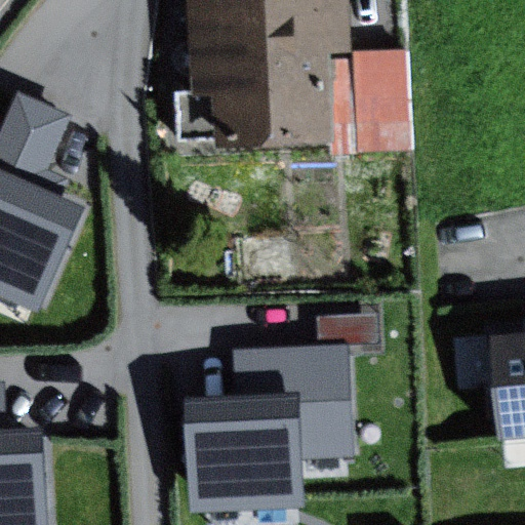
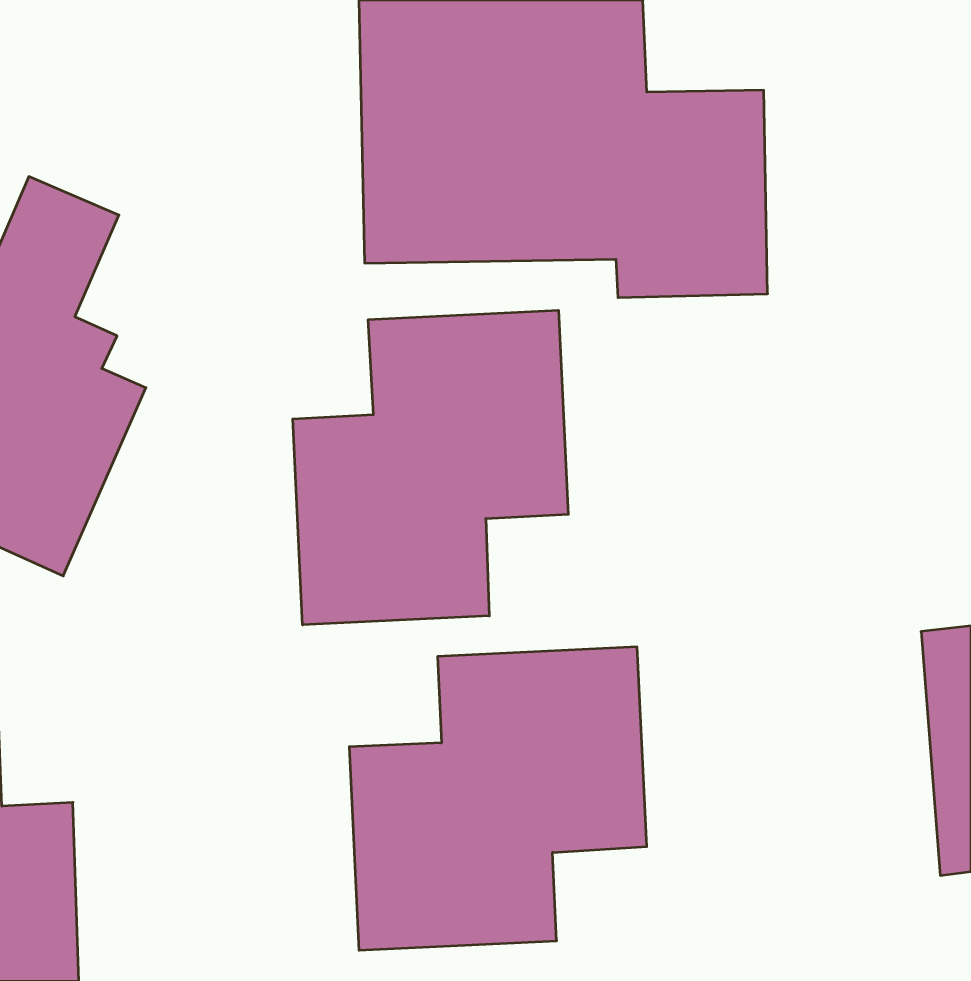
building: none -> [293,310,568,625]

